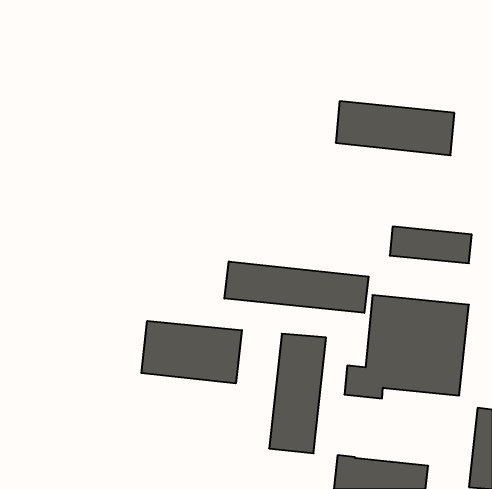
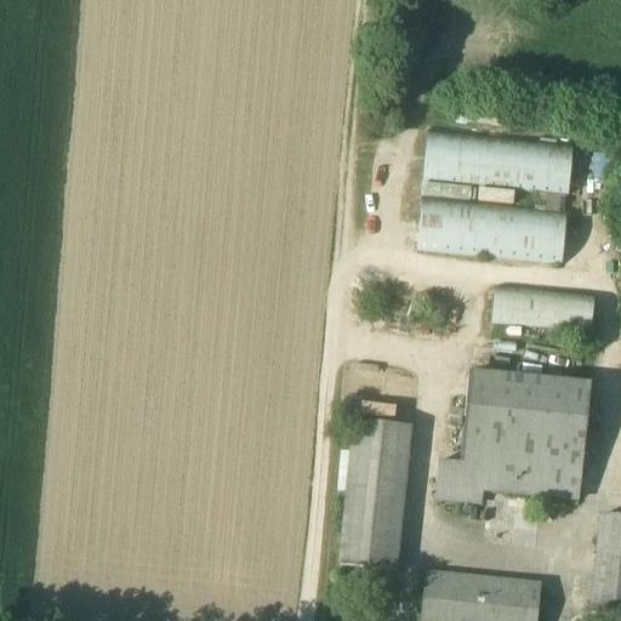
building: none -> [417,195,566,263]
building: [224,261,369,313] -> none
building: [141,321,242,383] -> none

